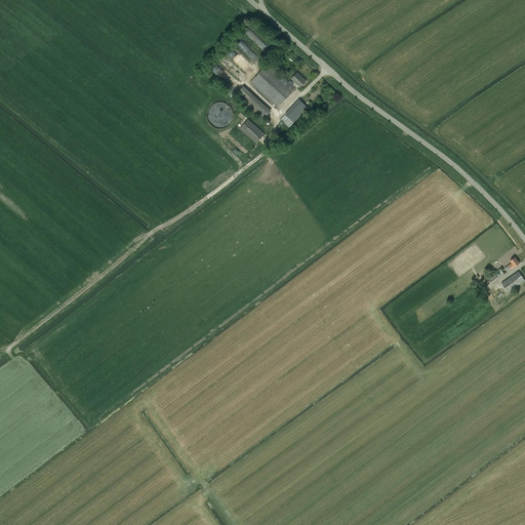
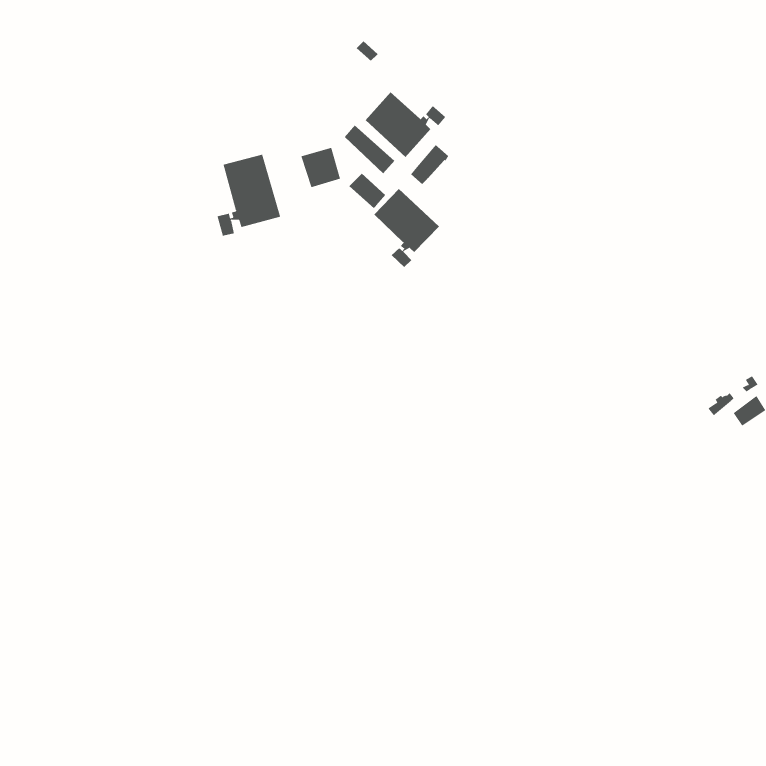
building: none -> [217,154,281,237]
building: none -> [373,188,440,268]

